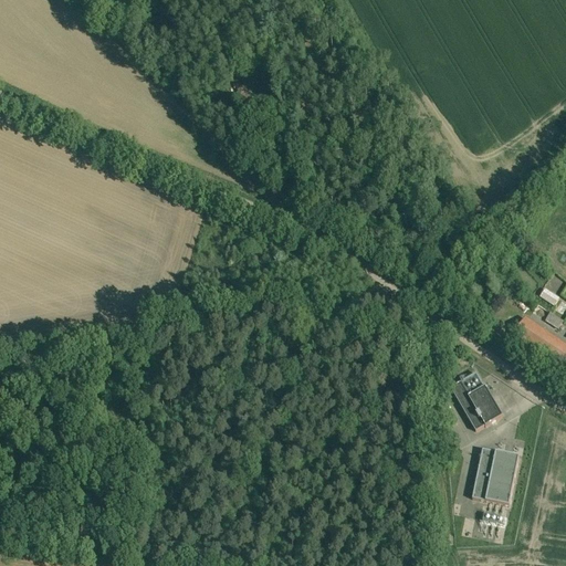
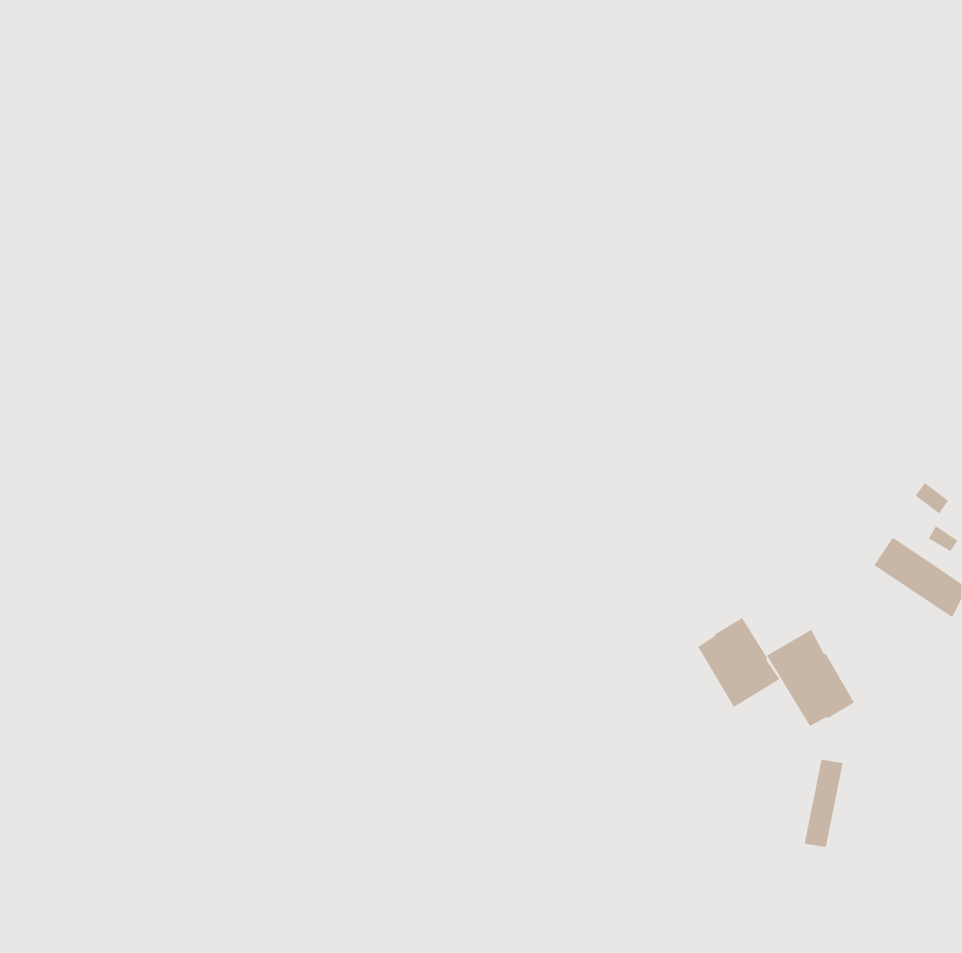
building: none -> [698,617,780,708]
building: [485,448,520,503] -> none

